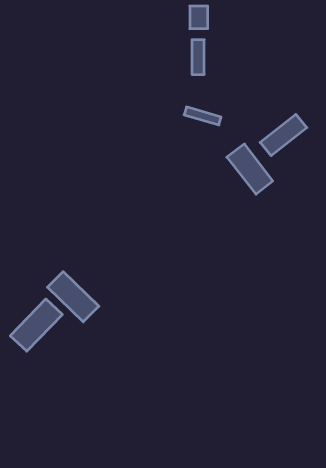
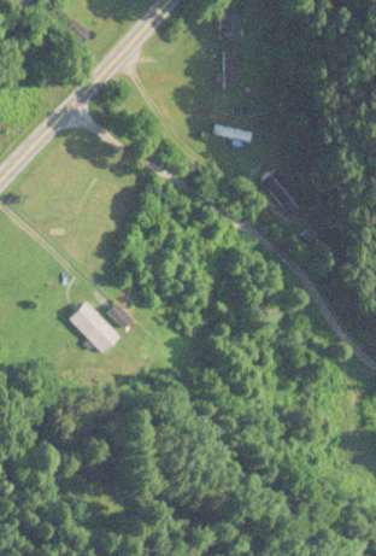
building: [260,114,307,156] -> none
building: [10,299,62,351] -> none

